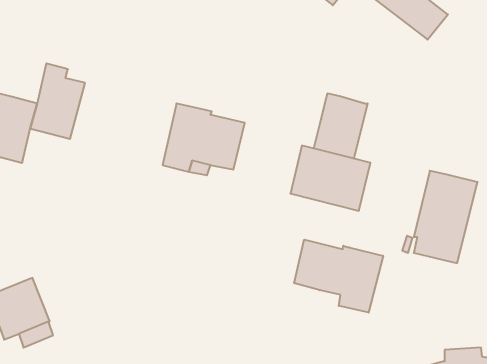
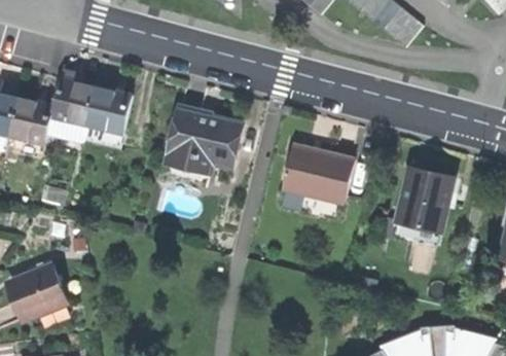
building: none -> [84,86,133,146]
building: [314,93,368,159] -> none
building: [294,240,383,313] -> none

